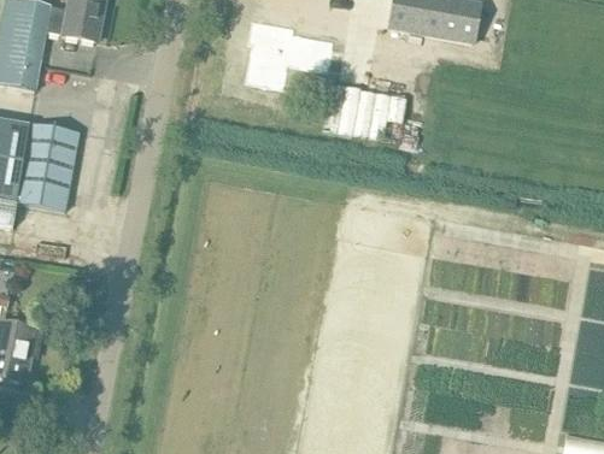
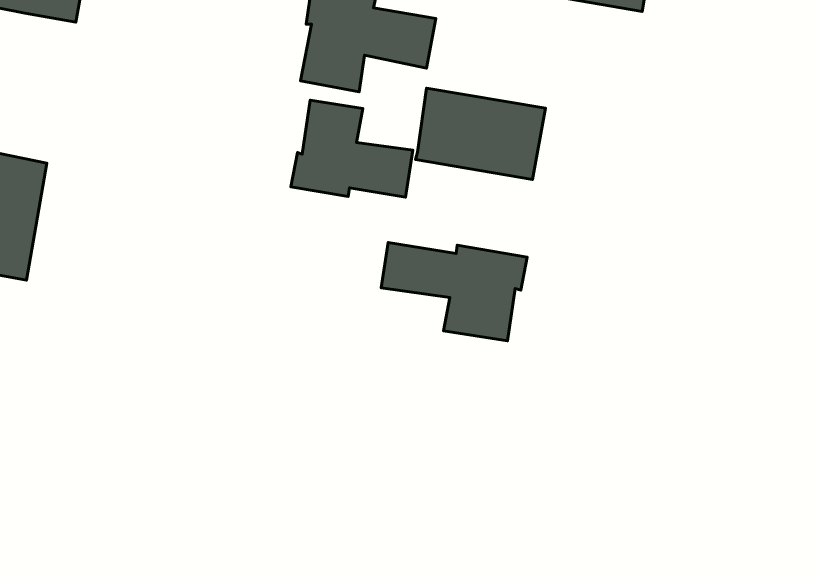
building: none -> [291,100,413,197]
building: none -> [381,242,527,341]

